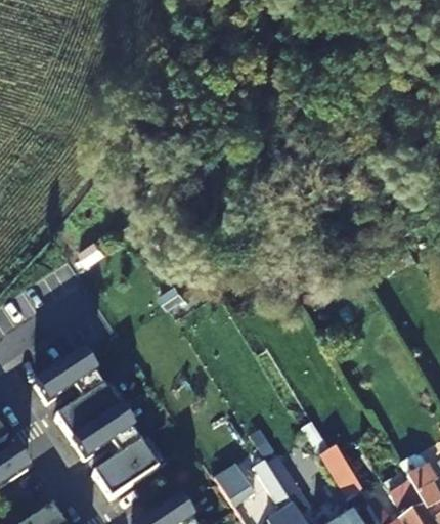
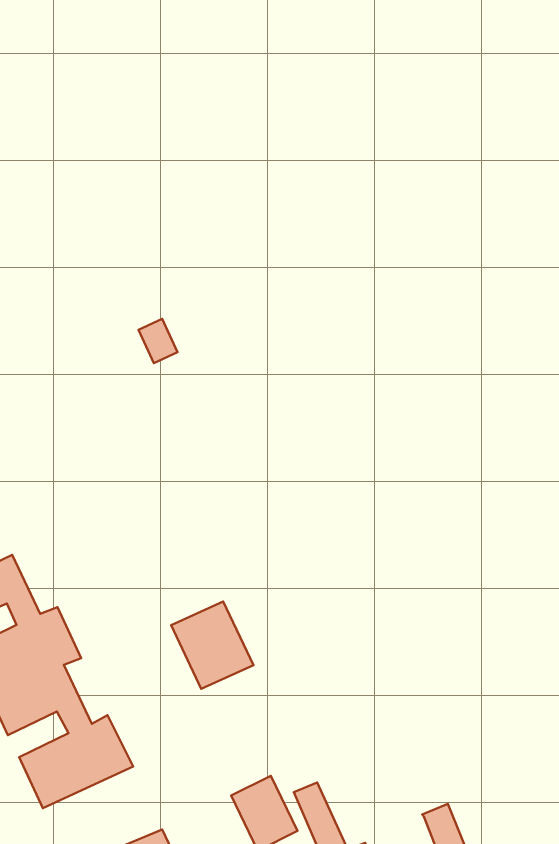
building: none -> [171,601,253,689]

